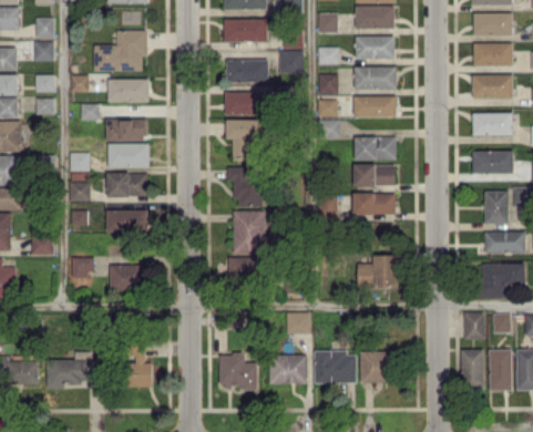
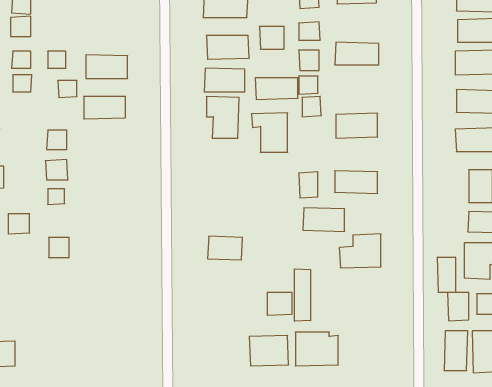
building: [93,30,145,71] -> none
building: [355,35,394,60] -> none
building: [352,96,394,117] -> [255,78,298,99]
building: [107,143,148,168] -> none
building: [352,164,393,187] -> [303,208,345,231]
building: [226,167,262,206] -> [251,113,288,152]
building: [106,173,147,197] -> none
building: [106,210,147,233] -> none
building: [232,210,265,254] -> none
building: [110,265,146,290] -> none
building: none -> [438,257,455,292]
building: none -> [295,269,311,321]
building: [126,347,151,387] -> none
building: [359,351,393,383] -> none
building: [219,354,257,389] -> none
building: [45,360,100,387] -> none

